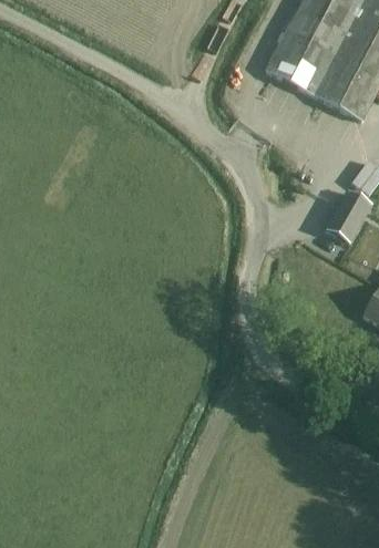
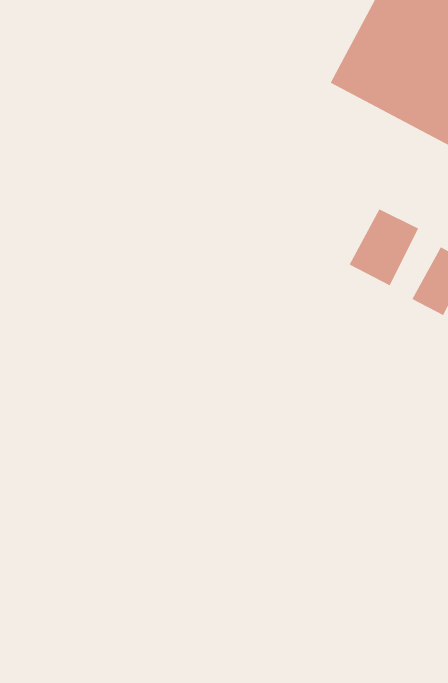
building: none -> [349,208,419,286]

